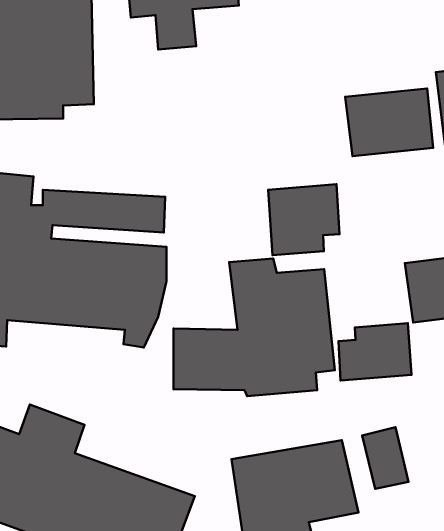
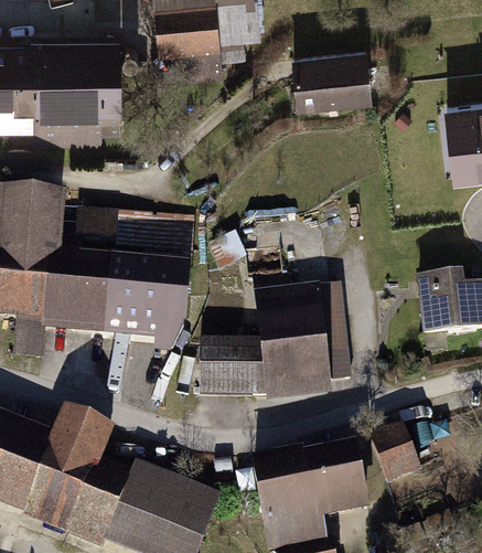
building: [345,89,433,156] -> [290,45,372,108]
building: [268,184,339,255] -> none
building: [338,323,411,381] -> none

